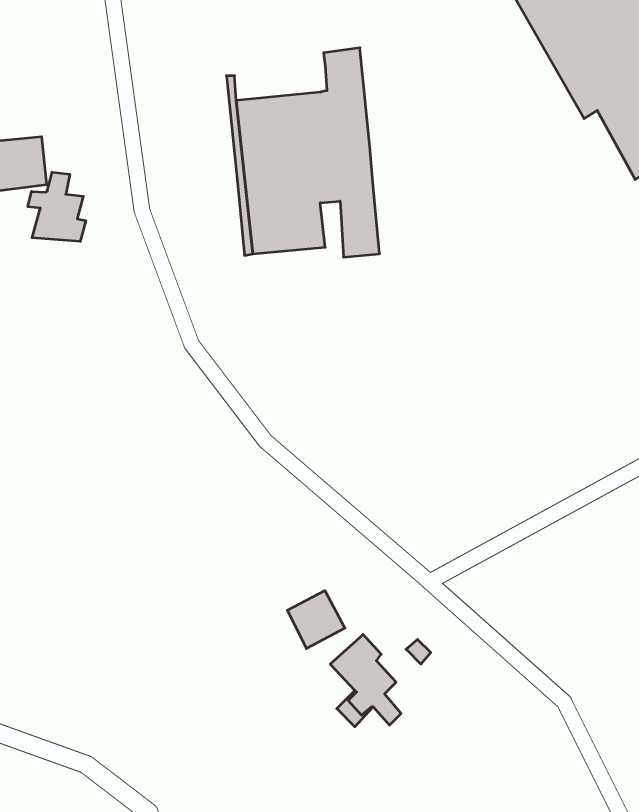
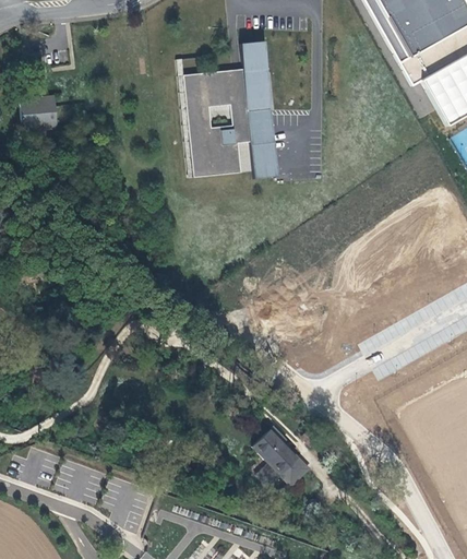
building: [28,172,86,241] -> none
building: [287,591,345,649] -> none

